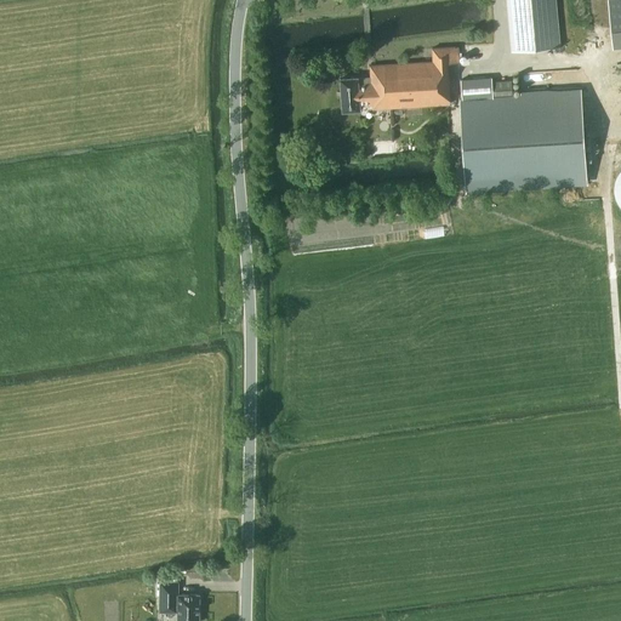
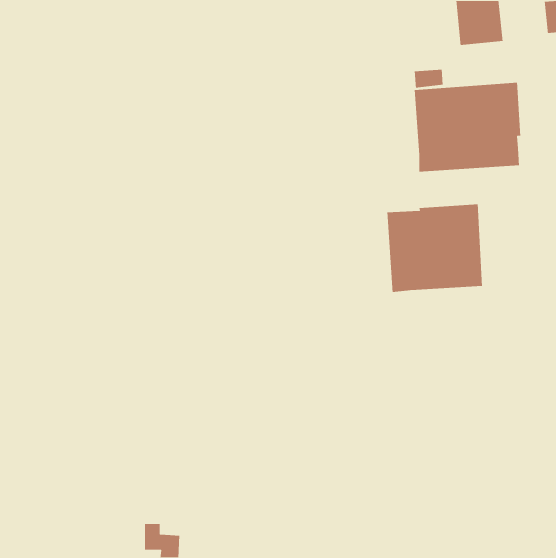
building: [342,45,475,112] -> none
building: none -> [387,203,483,293]

